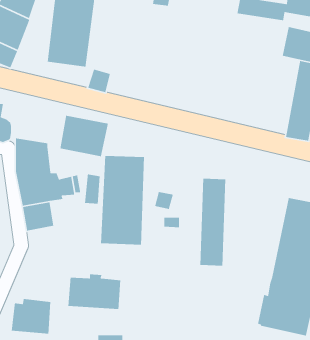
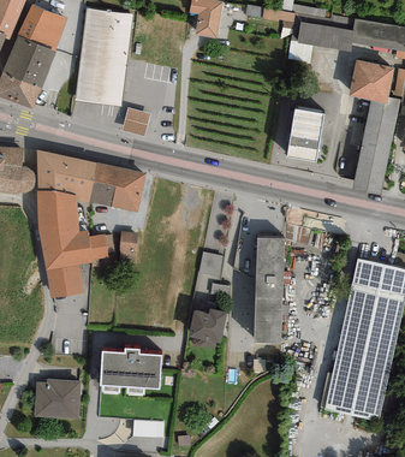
building: none -> [286,112,324,164]
building: none -> [36,149,96,202]
building: [100,155,145,245] -> none
building: none -> [187,308,227,349]

